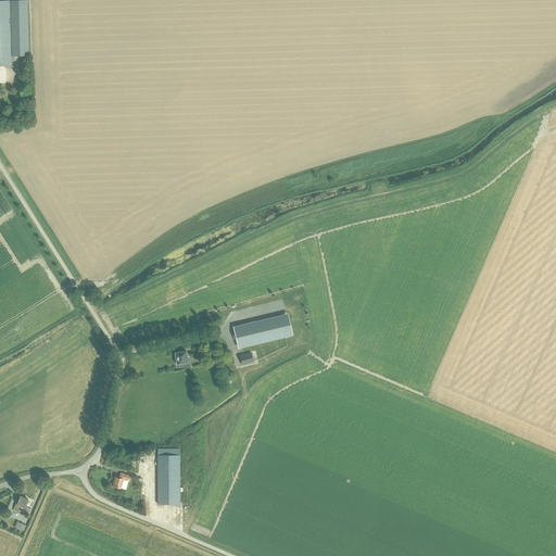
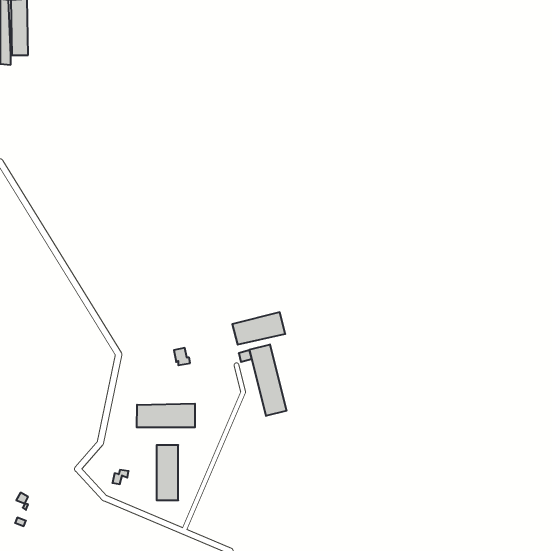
building: none -> [249,344,287,416]
building: none -> [137,404,195,427]

